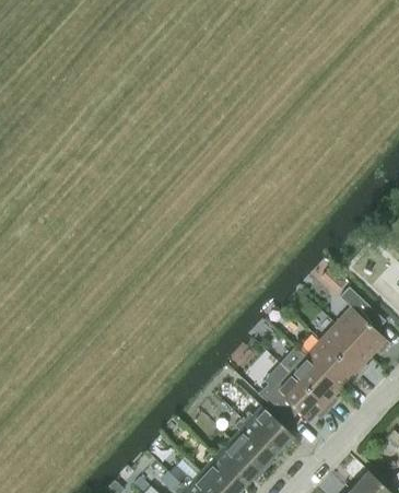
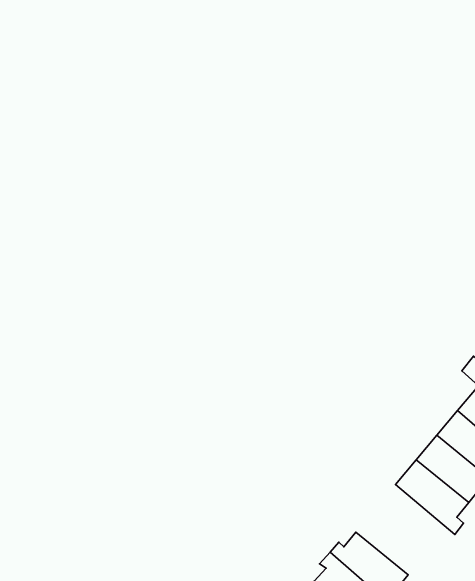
building: [274,373,329,422] -> none

